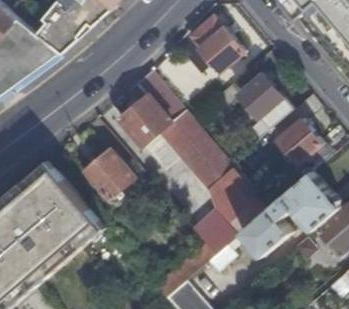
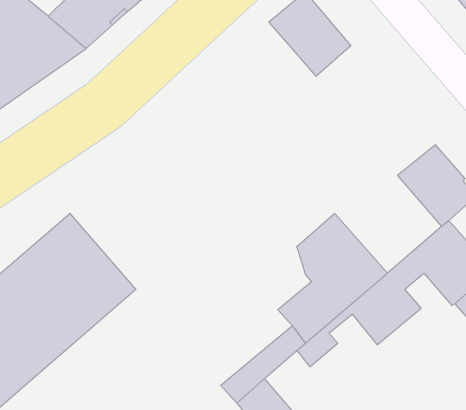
building: [238,72,292,128] -> none
building: [119,75,233,188] -> none
building: [85,148,134,198] -> none

